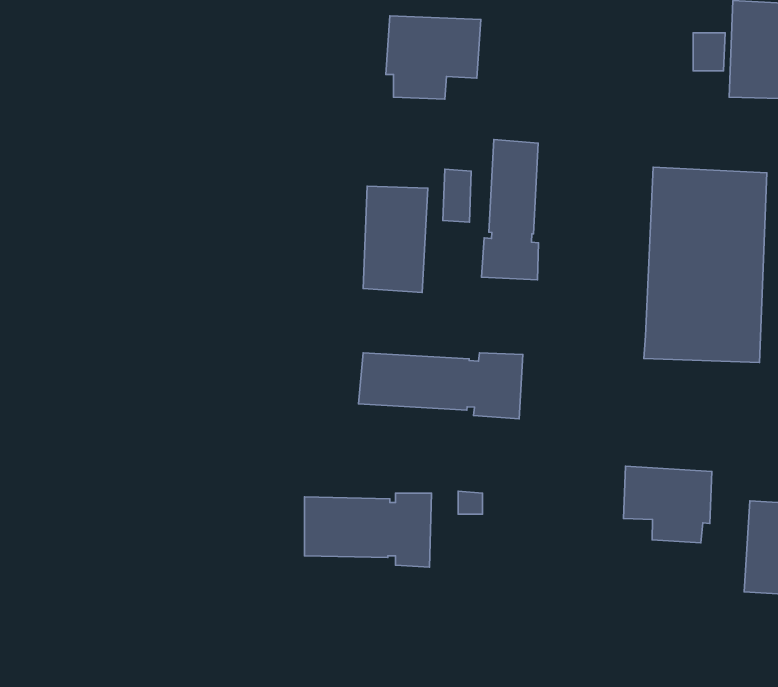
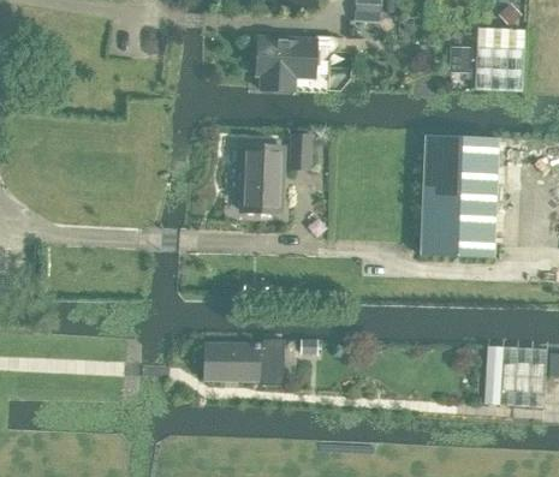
building: [482,139,539,280] -> none
building: [359,353,523,419] -> none
building: [624,466,712,543] -> none

